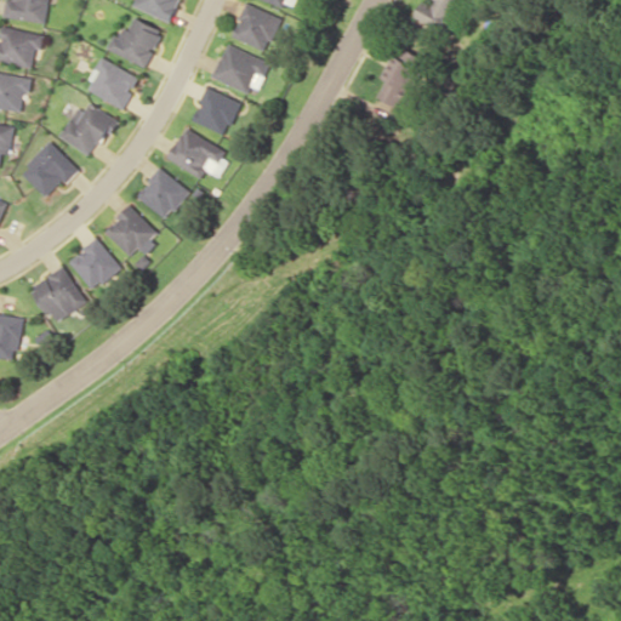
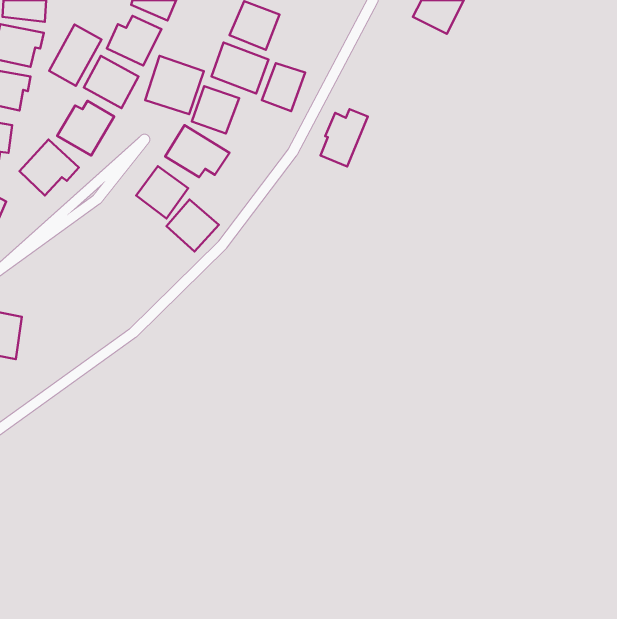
building: none -> [49,24,101,86]
building: [376,51,423,108] -> [320,109,368,166]
building: none -> [145,56,204,114]
building: none -> [262,63,305,111]
building: [104,205,156,257] -> [167,199,219,252]
building: [68,237,120,290] -> none
building: [29,266,86,324] -> none

